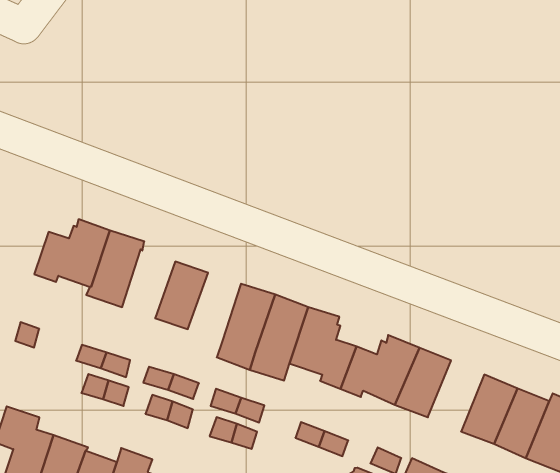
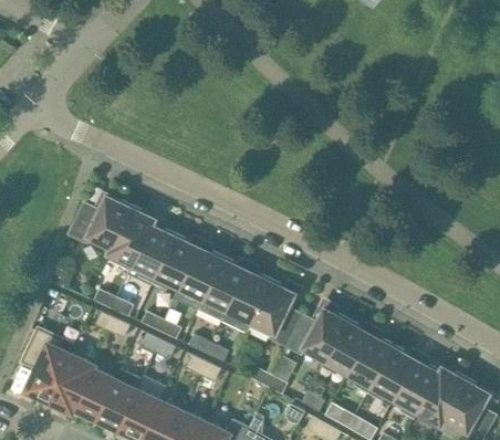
building: none -> [128,224,176,285]
building: none -> [179,248,222,300]
building: none -> [348,334,394,387]

